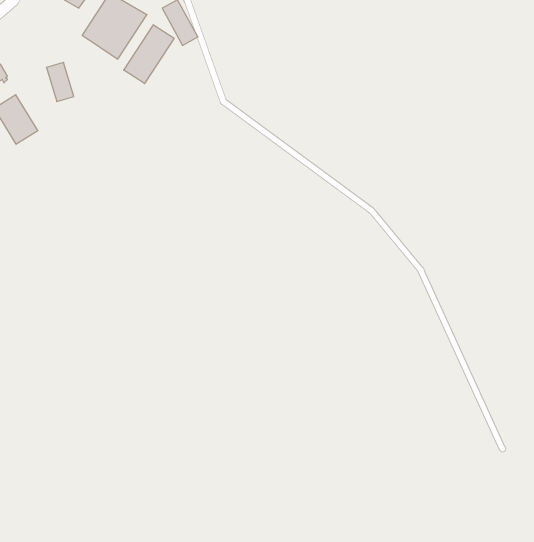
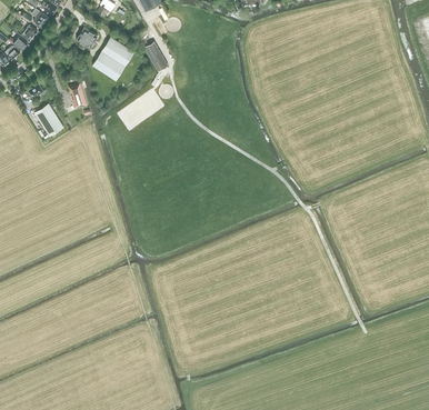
building: [124,25,174,84] -> none

